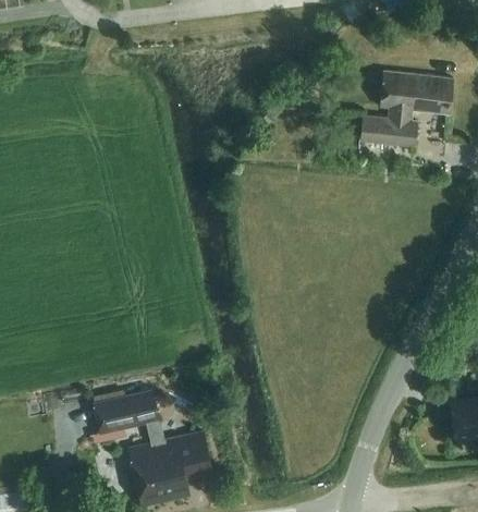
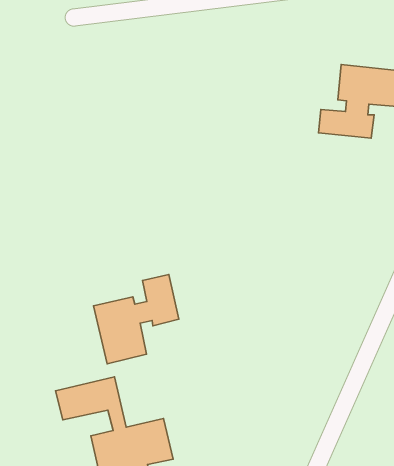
building: none -> [93,275,179,364]

